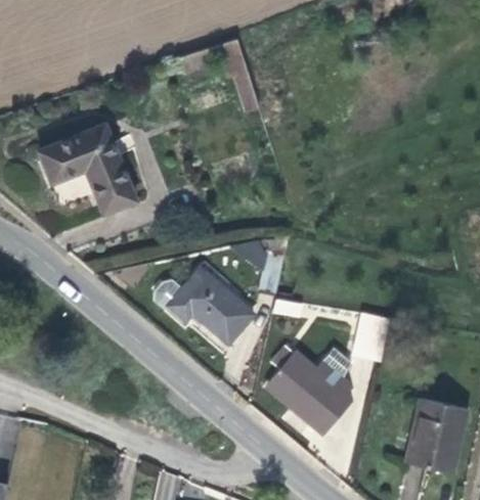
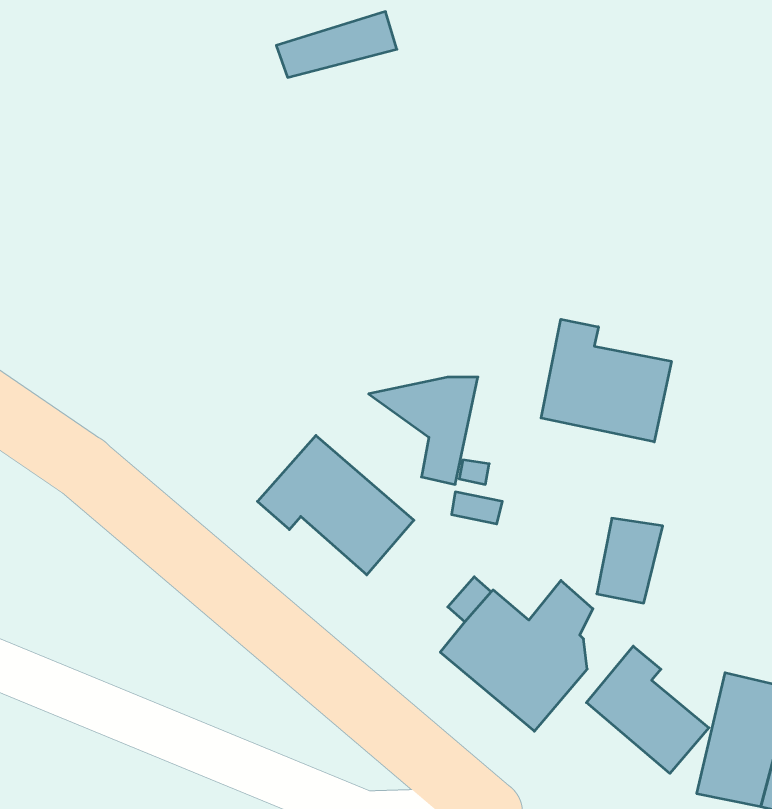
building: [41,127,135,213] -> none
building: none -> [541,319,671,442]
building: none -> [586,646,709,773]

